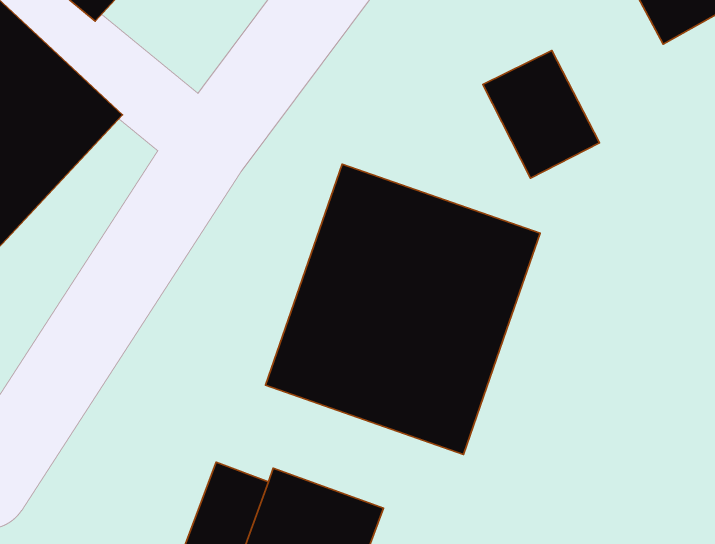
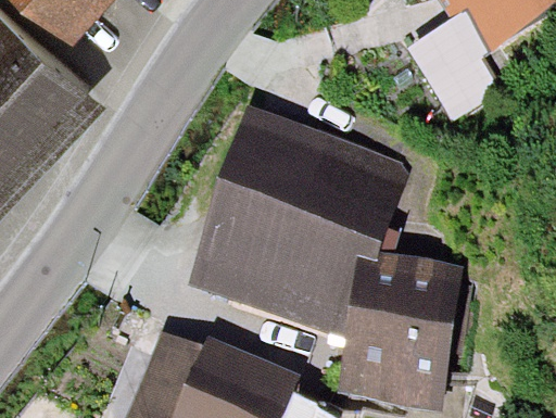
building: [483,51,599,178] -> [417,30,500,121]
building: none -> [326,242,452,387]

